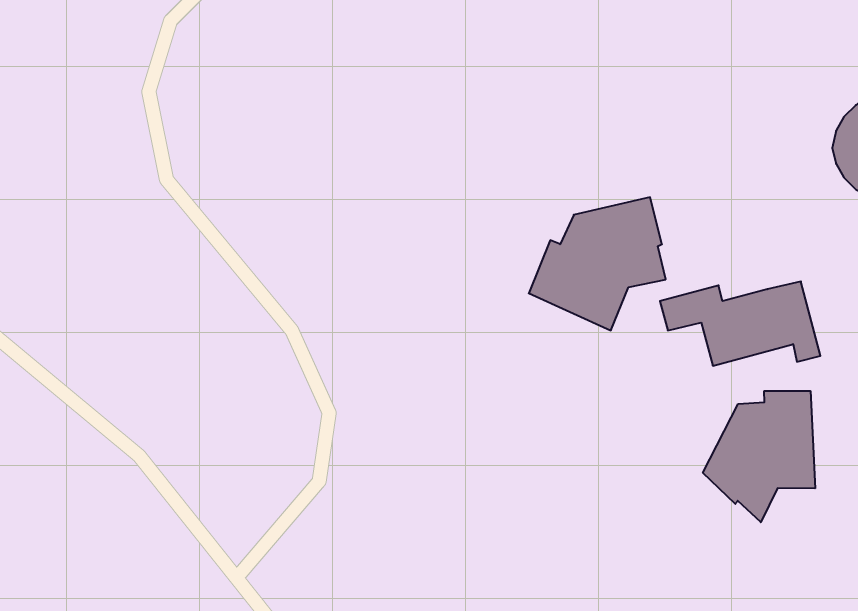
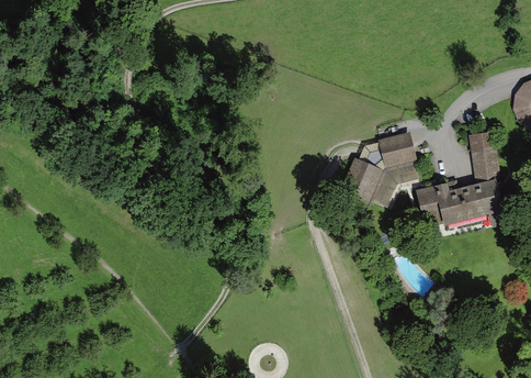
building: none -> [470,131,499,184]
building: [703,391,815,522] -> none

